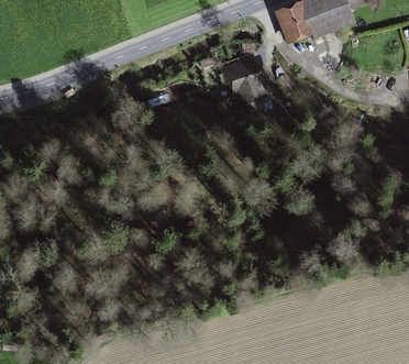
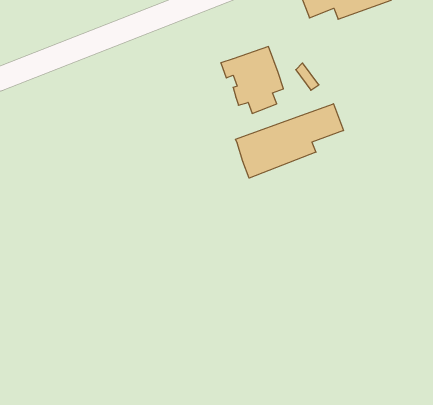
building: none -> [236,104,343,178]

